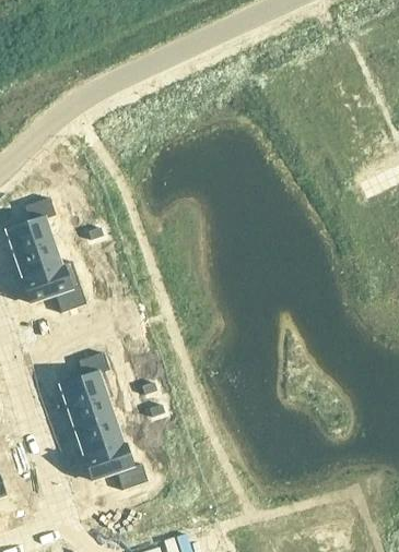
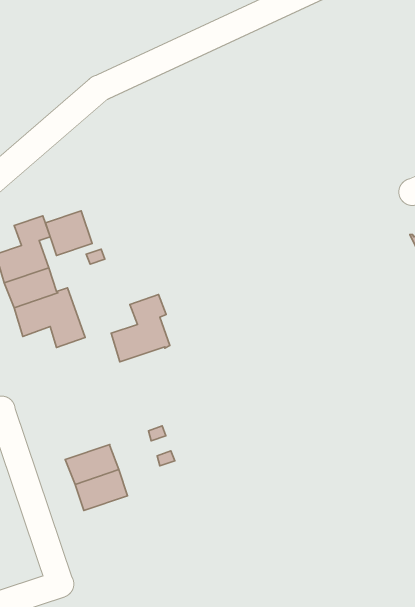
building: none -> [45,211,92,255]
building: [60,350,112,409] -> [111,295,170,362]
building: [84,441,146,488] -> none

